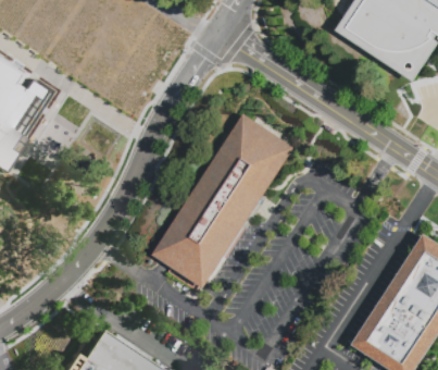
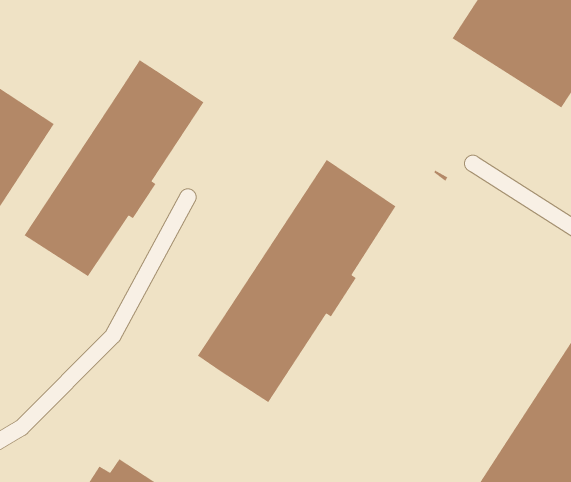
building: none -> [23,59,205,277]

